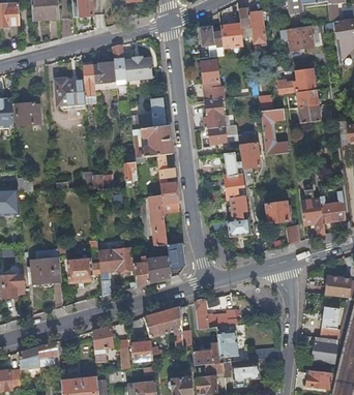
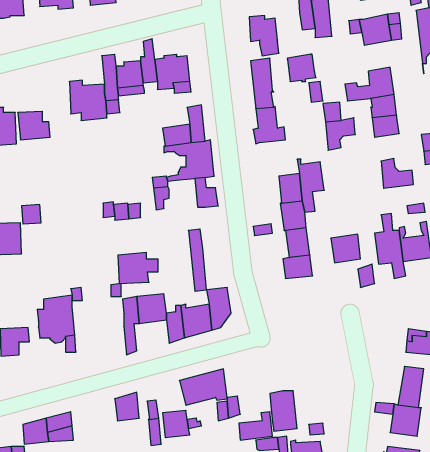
building: [220,23,243,44] -> [287,54,316,82]
building: [208,123,237,143] -> none
building: [263,130,289,154] -> [381,159,413,188]
building: [158,178,178,211] -> none
building: [67,257,99,282] -> [118,253,158,284]
building: [194,300,237,329] -> none

